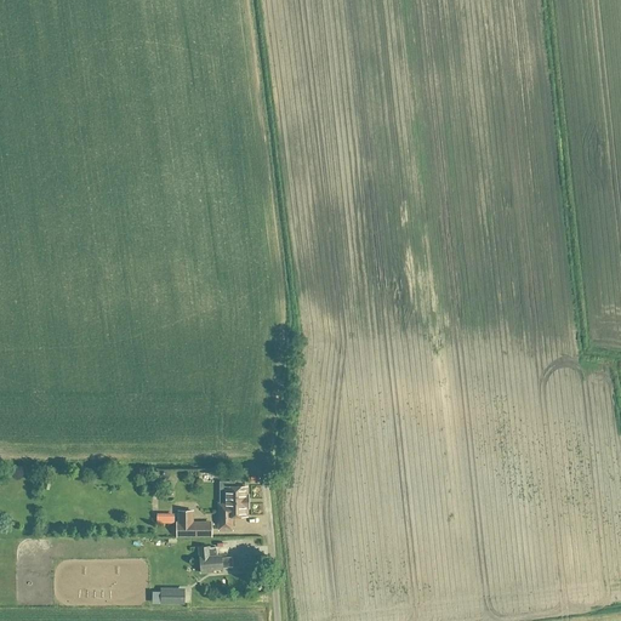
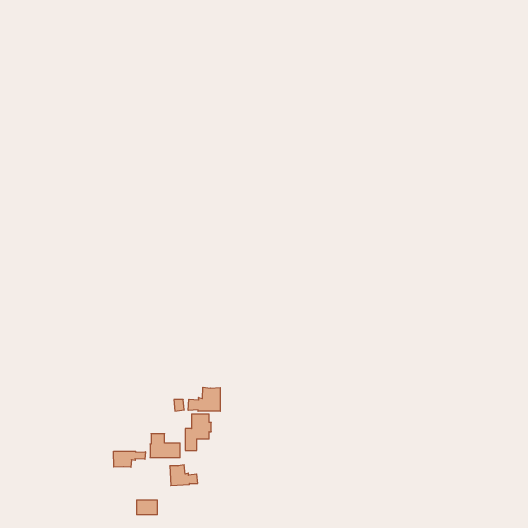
building: none -> [188,387,220,411]
building: none -> [114,451,145,467]

